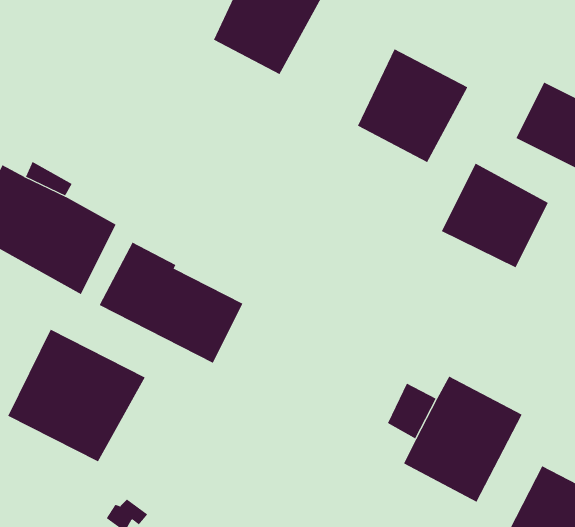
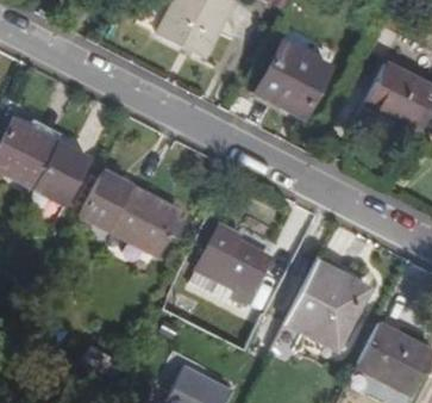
building: [441,163,548,268] -> none
building: none -> [192,225,271,305]
building: [7,329,146,462] -> none

